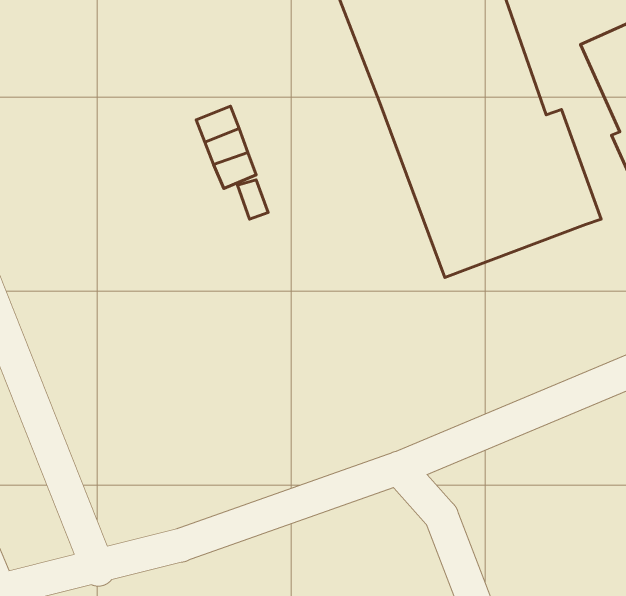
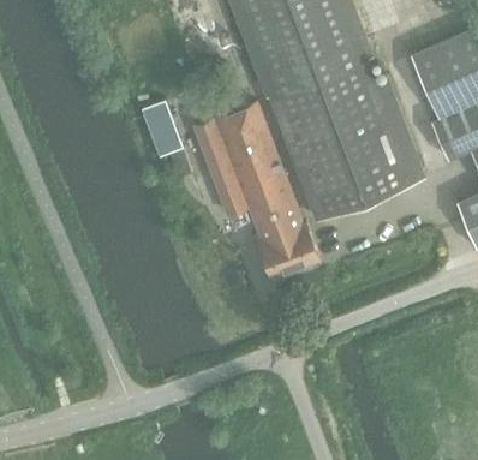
building: none -> [195,104,318,277]

